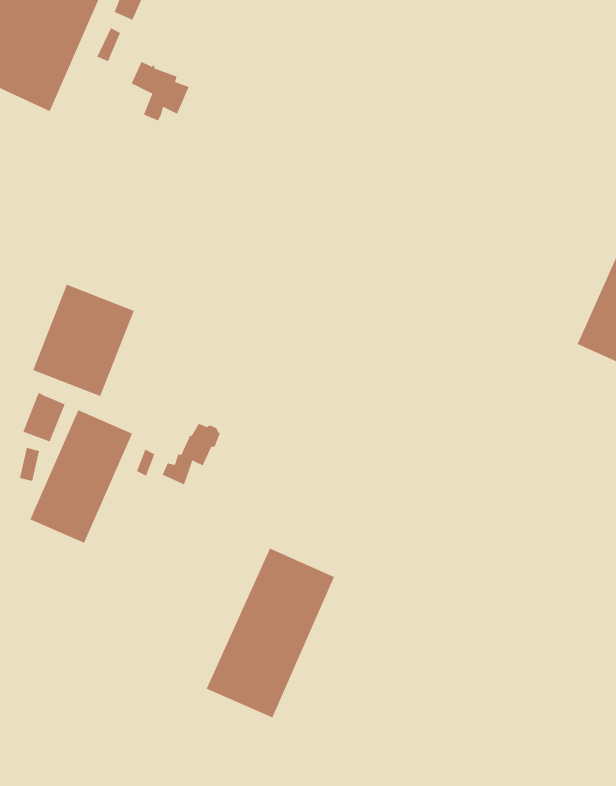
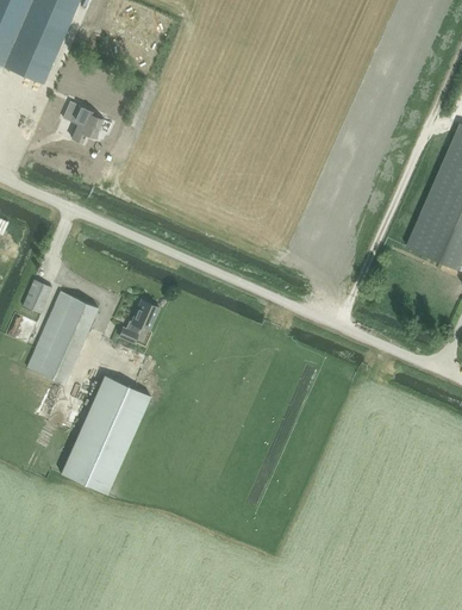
building: [131,61,189,121] -> [62,101,102,143]
building: [33,284,134,397] -> none
building: [206,548,335,718] -> [61,375,150,493]

